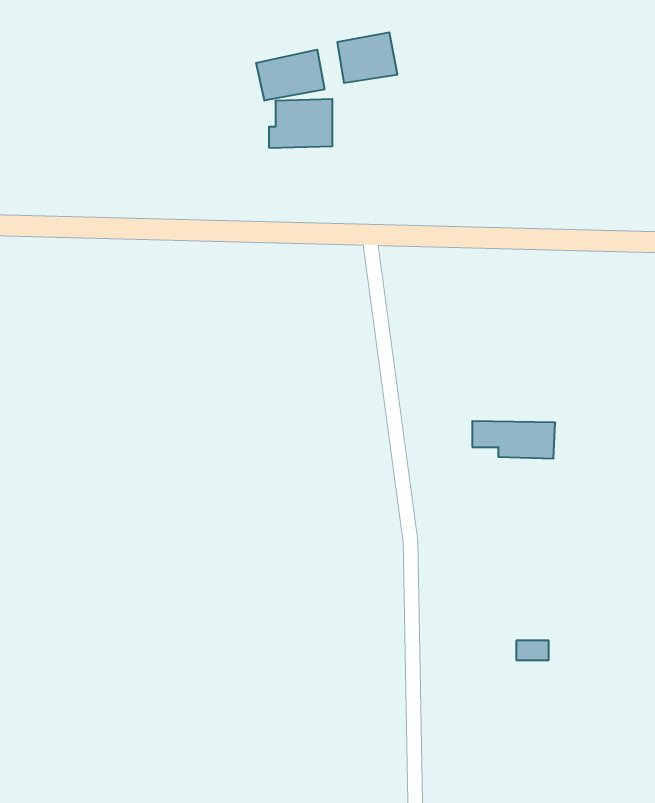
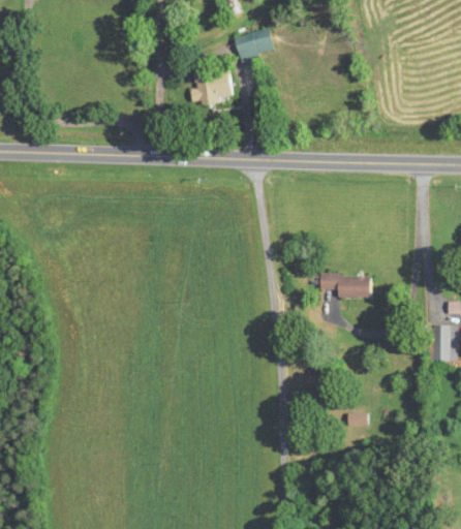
building: [256,50,324,101] -> none

